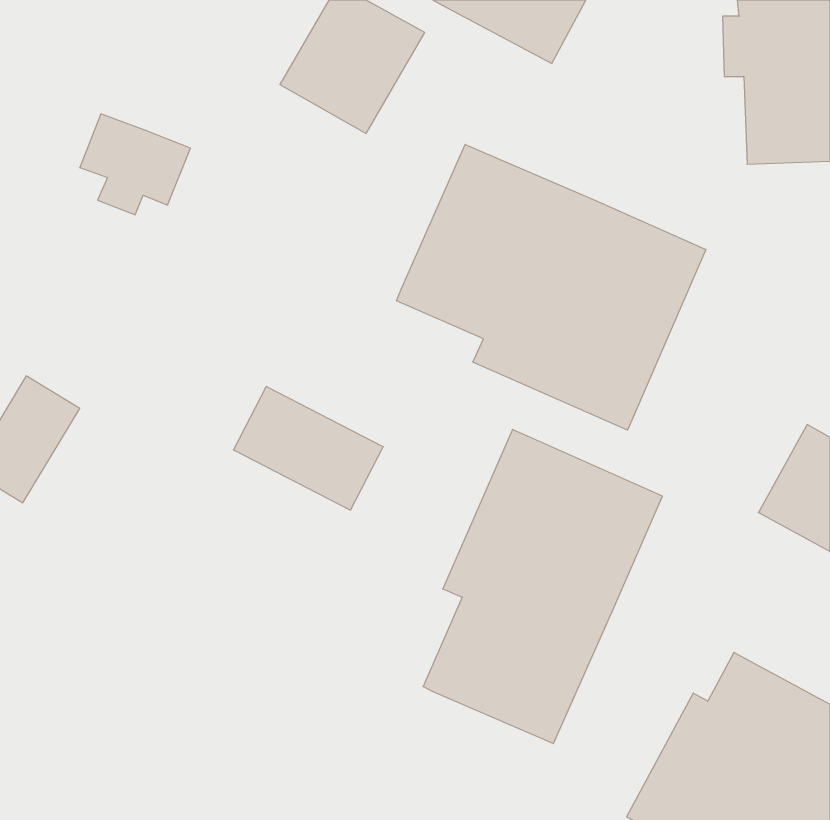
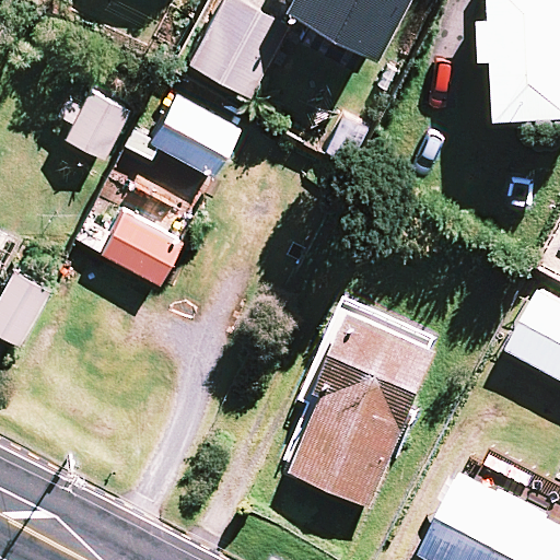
building: none -> [121,96,236,178]
building: [397,144,706,430] -> none
building: [233,387,383,510] -> [78,201,178,284]

